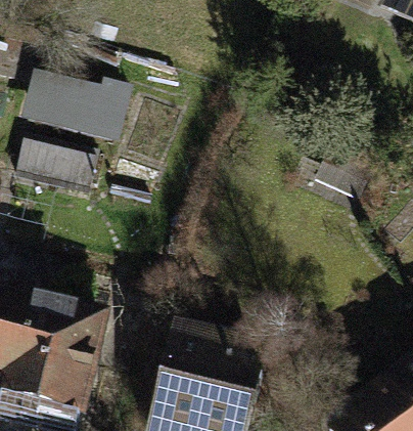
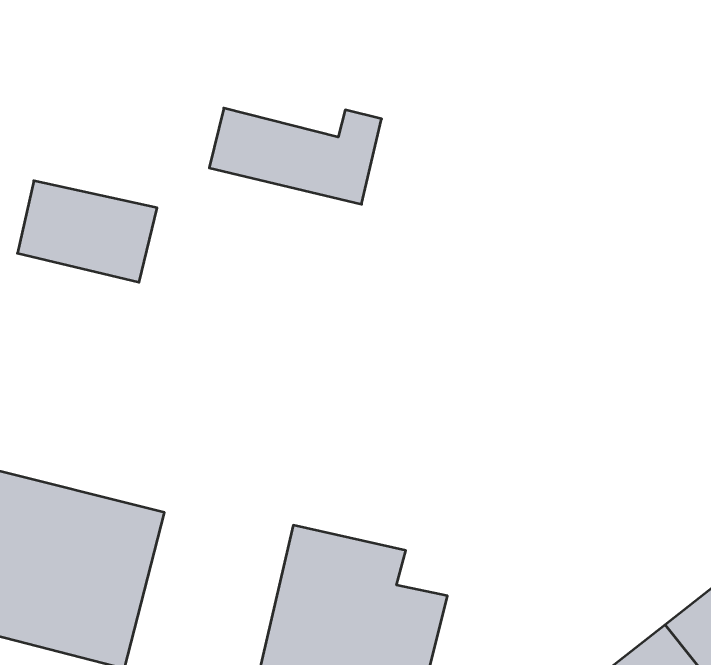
building: [32,91,129,145] -> [209,108,382,204]

